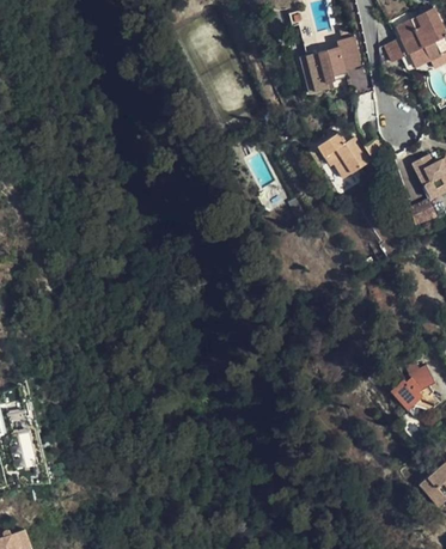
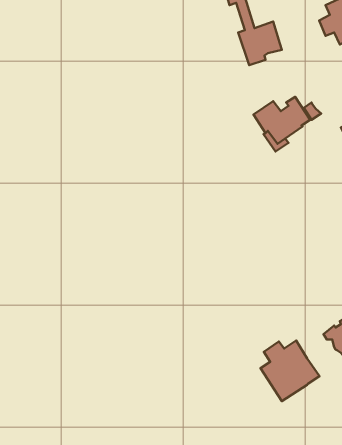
building: [335,35,360,69] -> none
building: none -> [260,341,320,401]

